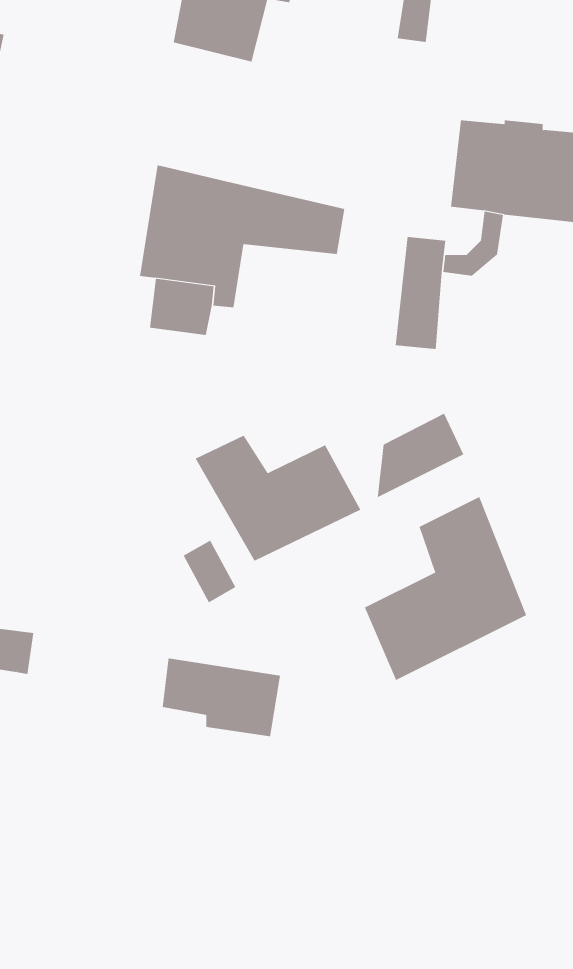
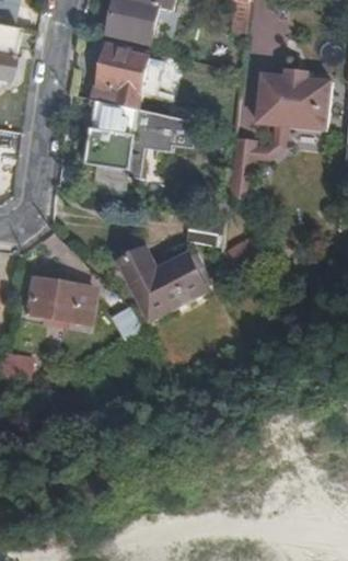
building: none -> [100,43,161,107]
building: [364,496,527,681] -> none
building: [162,658,281,737] -> [25,276,91,320]

